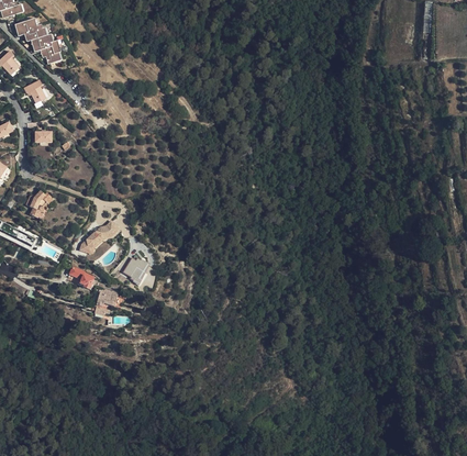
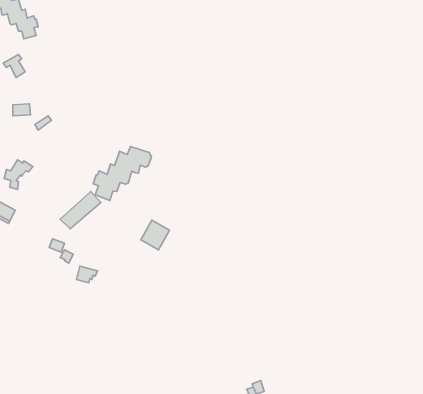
building: none -> [93,147,151,200]
building: [123,254,152,283] -> [141,220,169,250]

